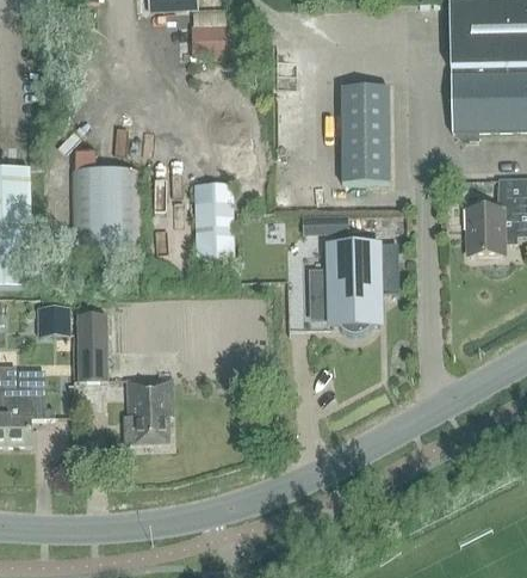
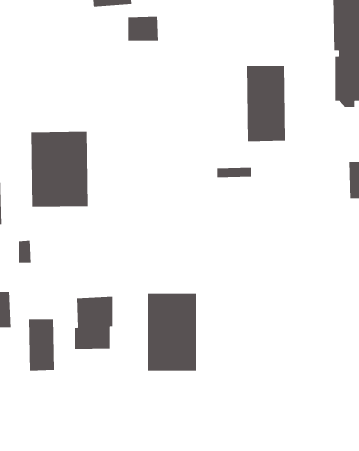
building: [193,180,234,259] -> none
building: [308,240,397,332] -> none
building: [75,312,108,379] -> [28,318,55,372]
building: none -> [147,293,197,372]

